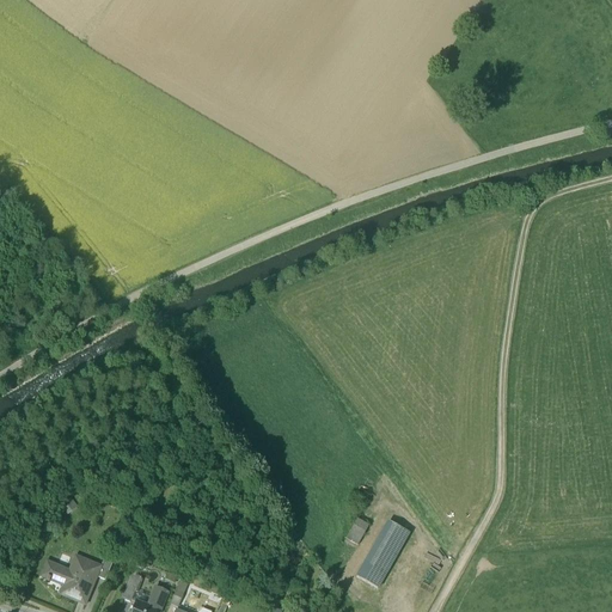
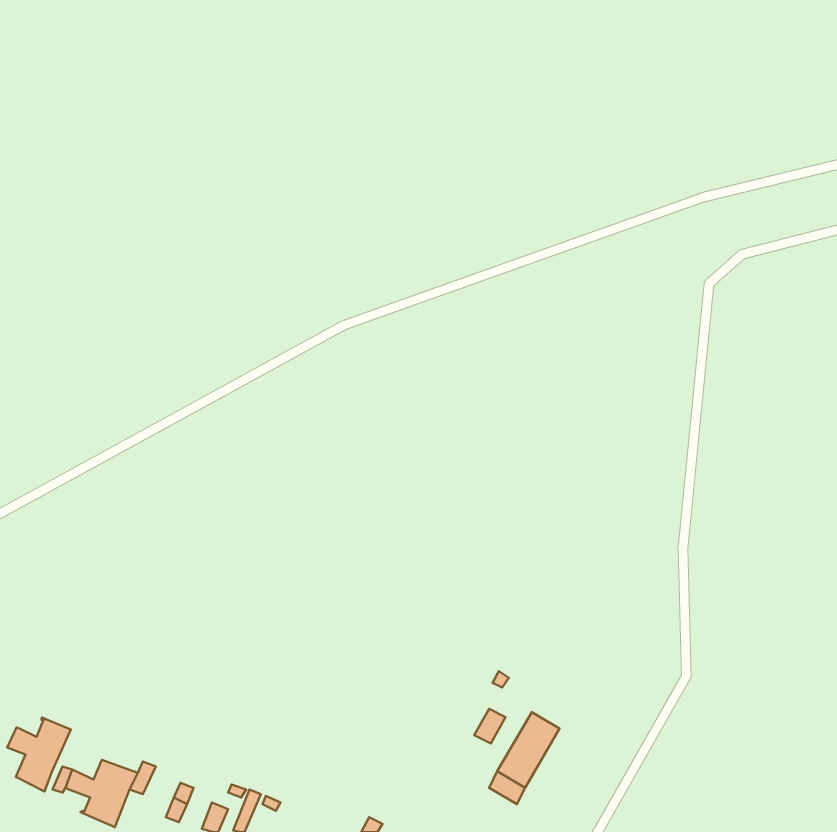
building: none -> [7,717,71,791]

